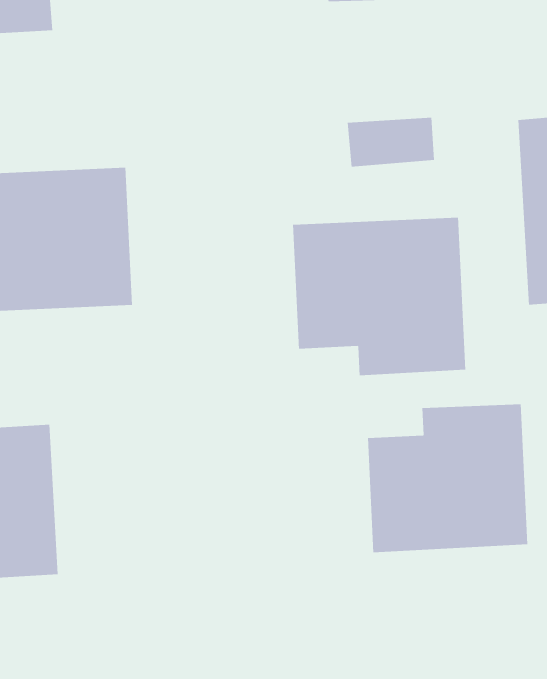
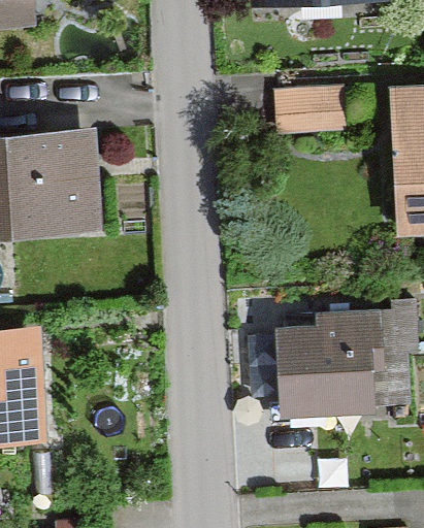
building: [292,217,466,376] -> none

